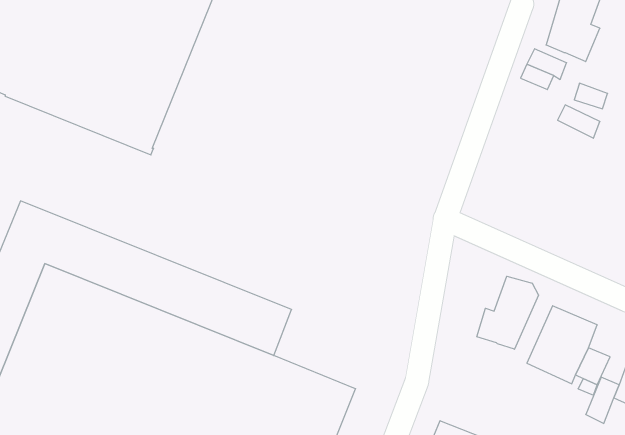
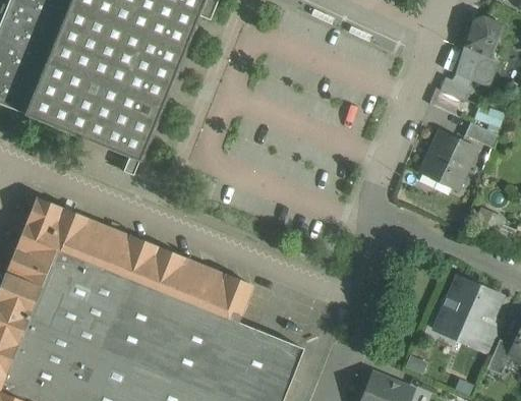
building: none -> [418,130,477,191]
building: [477,276,539,349] -> none

